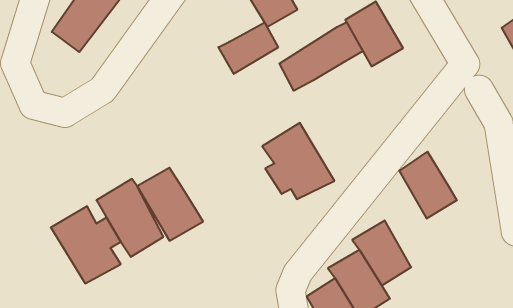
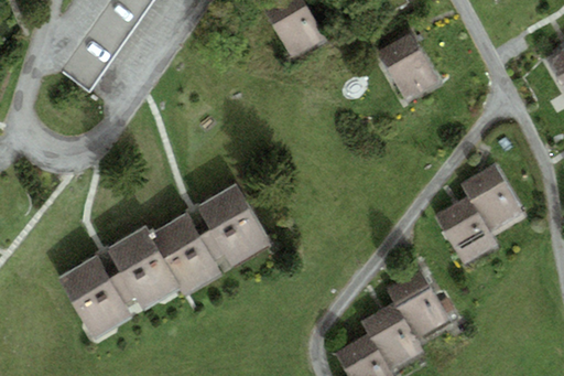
building: [279,22,363,91] -> none
building: [218,22,278,74] -> none
building: [262,123,334,199] -> [194,180,272,262]
building: none -> [459,163,523,234]

